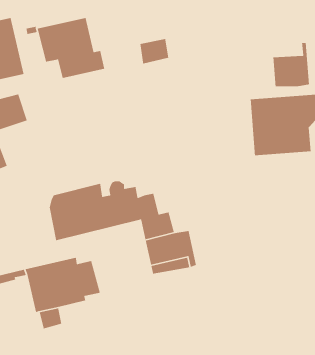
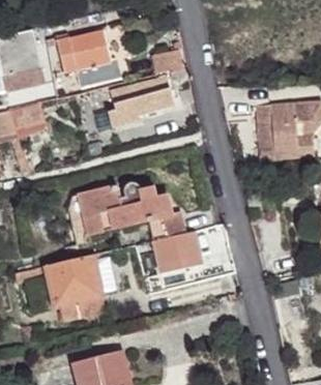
building: [273,42,310,87] -> none
building: none -> [107,76,173,126]

